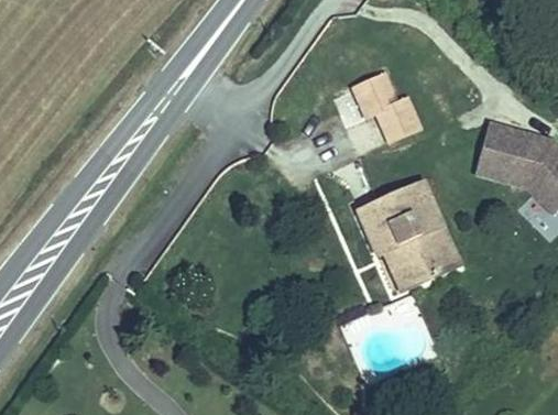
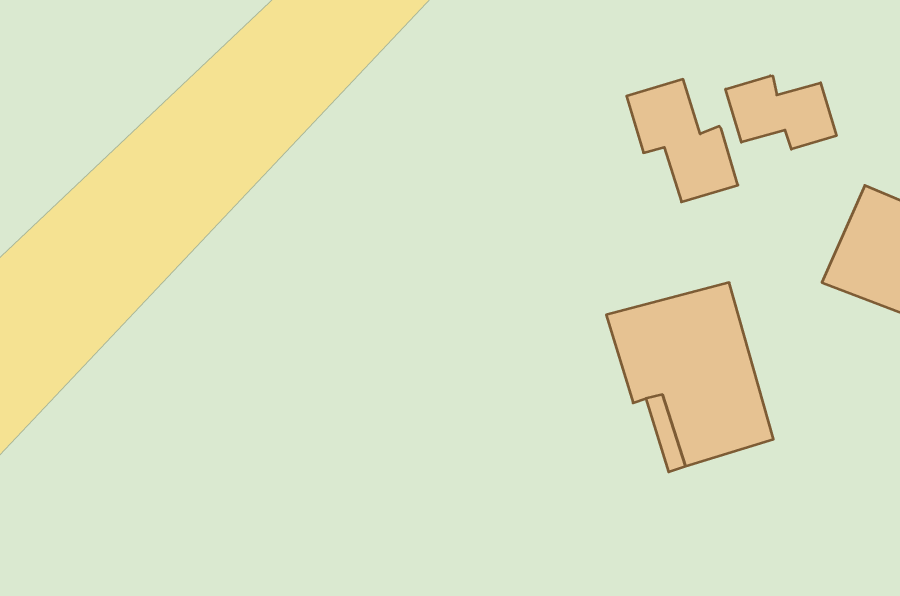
building: none -> [726,76,836,149]

